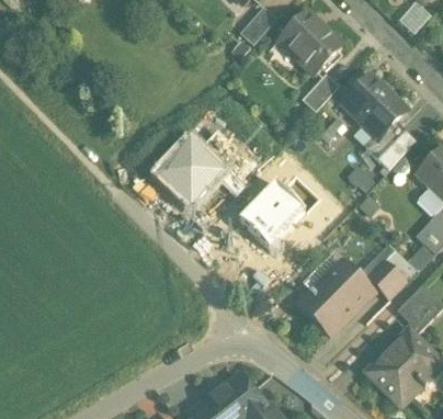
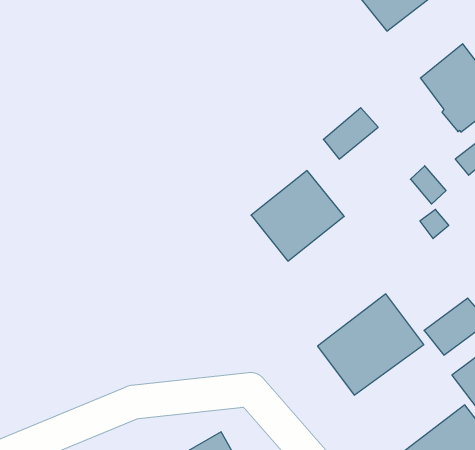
building: [303,73,340,112] -> [323,108,378,159]
building: [154,136,224,206] -> none

